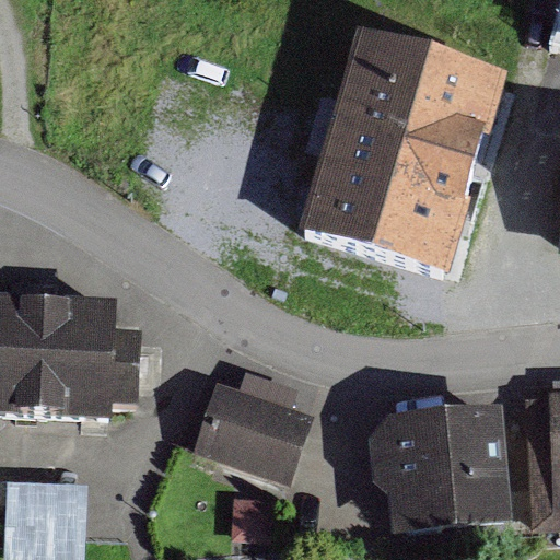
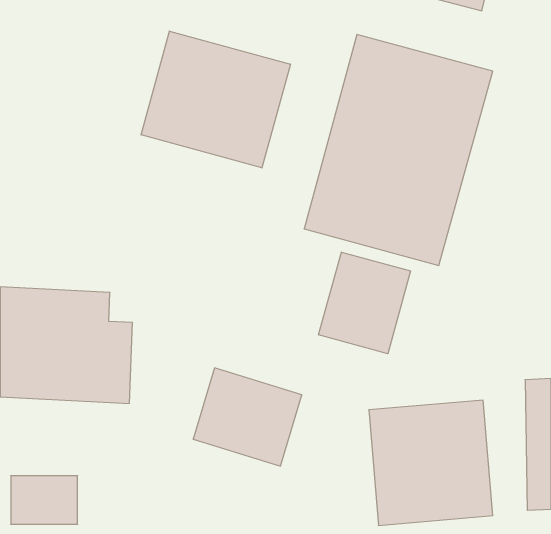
building: none -> [141,31,290,168]
building: none -> [319,252,411,354]

